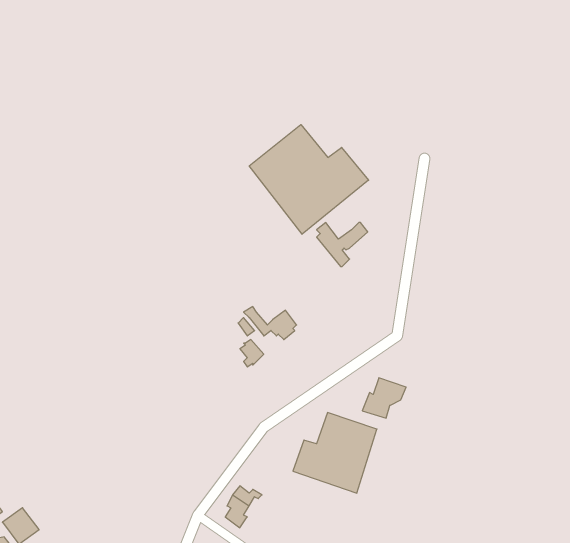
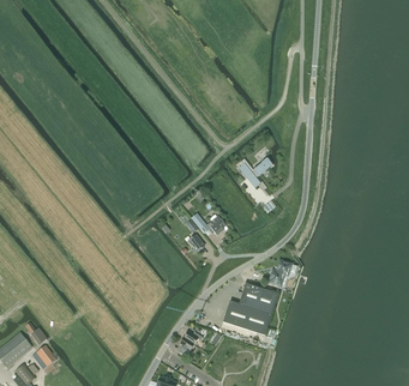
building: [249,125,369,234] -> none

